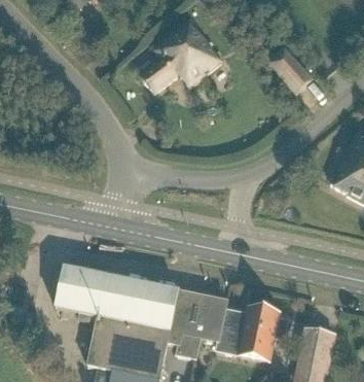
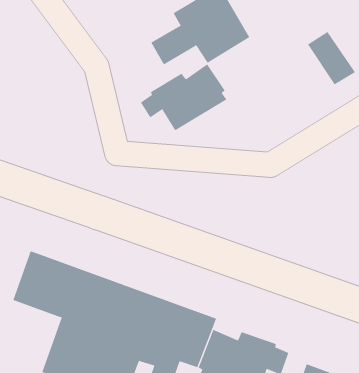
building: none -> [140,64,227,131]

